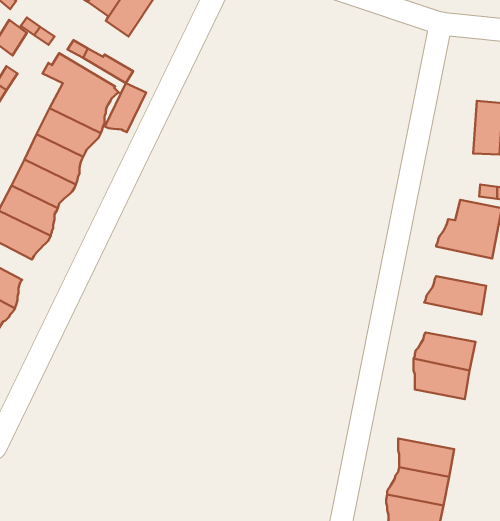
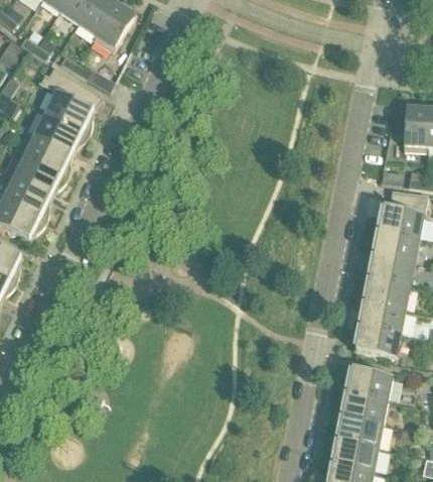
building: [105,83,146,132] -> none
building: none -> [372,229,420,262]
building: none -> [363,276,411,310]
building: none -> [340,367,393,400]

